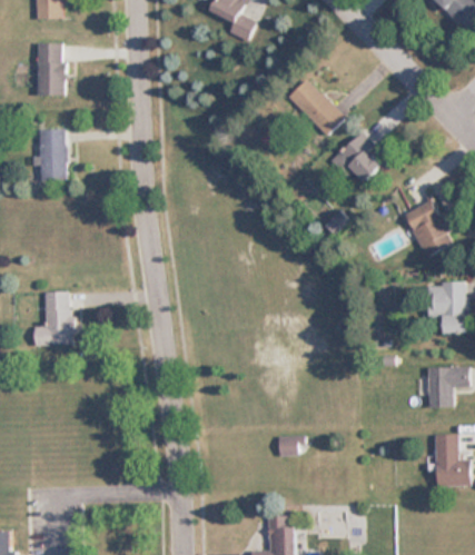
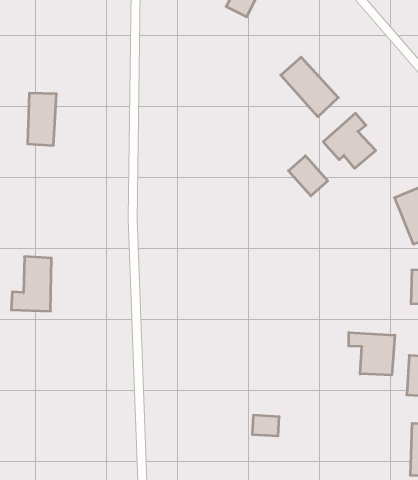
building: [37,44,63,96] -> none
building: none -> [288,156,328,196]
building: none -> [349,332,395,375]

